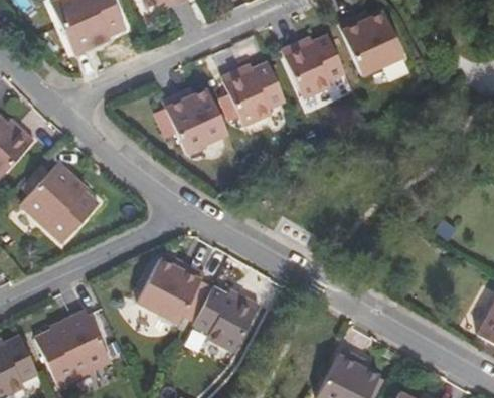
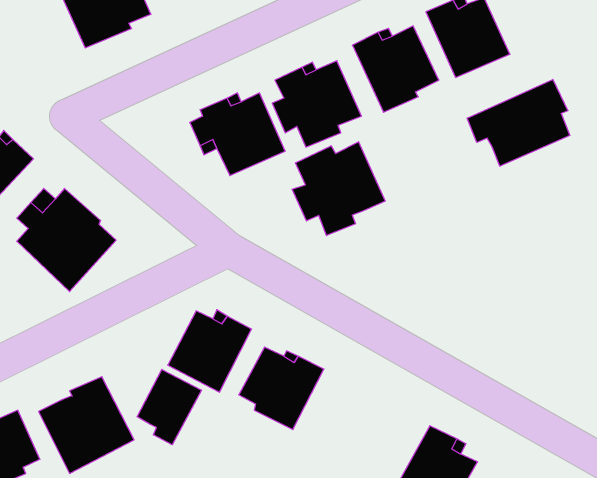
building: none -> [467,79,570,166]
building: none -> [292,142,385,236]
building: none -> [137,369,202,445]

